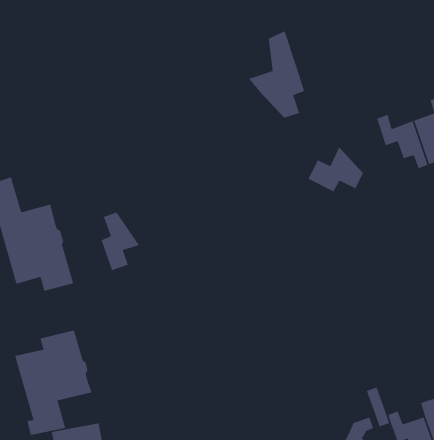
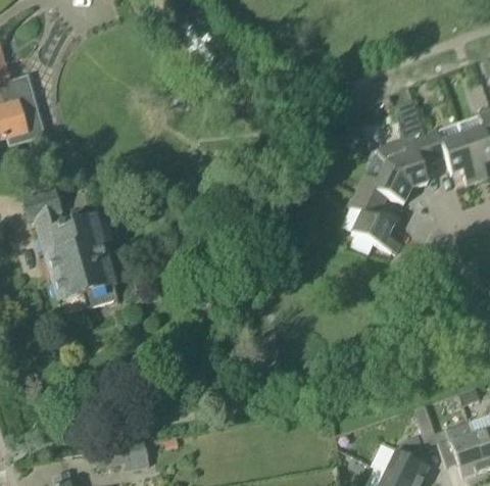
building: [248,30,305,119] -> [376,96,434,186]
building: none -> [350,192,401,251]
building: [100,212,140,271] -> none
building: [14,330,92,436] -> none

